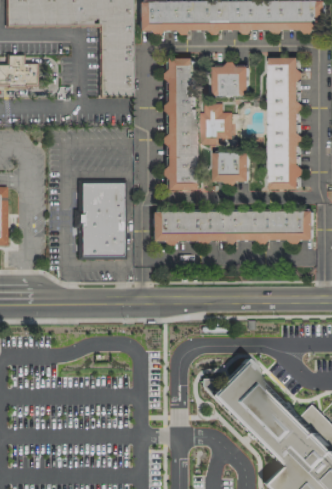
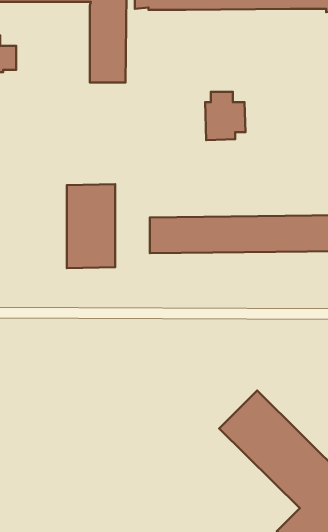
building: [271,57,302,189] -> none
building: [163,58,197,190] -> none
building: [215,64,251,96] -> none
building: [215,152,251,184] -> none

